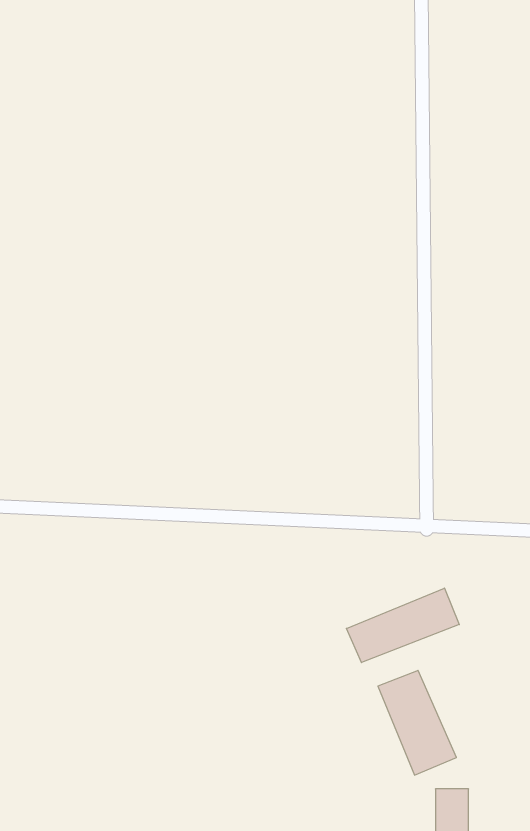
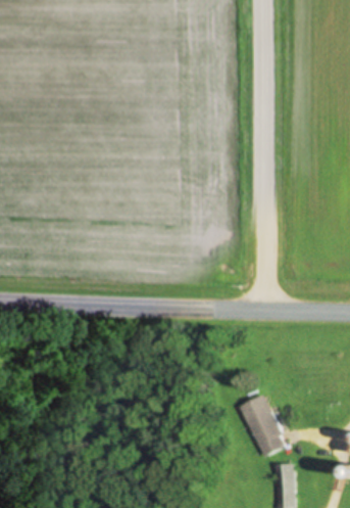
building: [346,588,459,663] -> none

